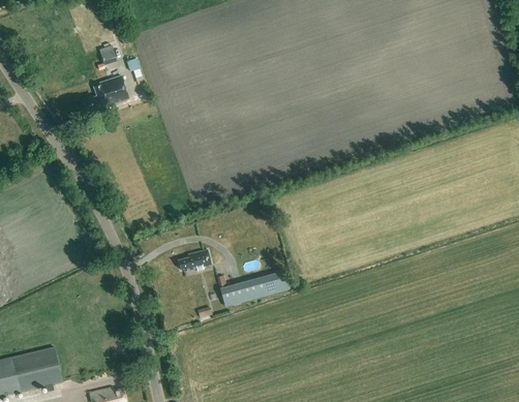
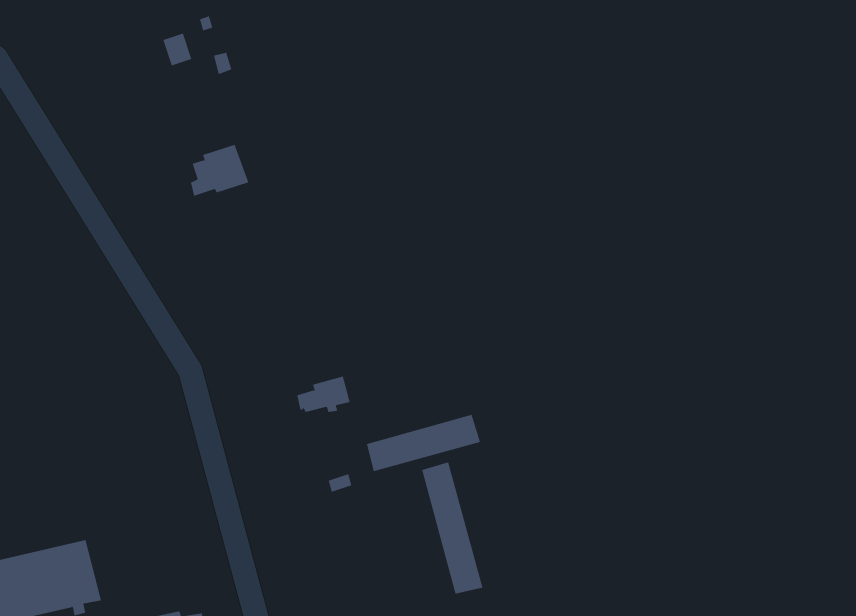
building: [92,75,127,106] -> [190,144,249,196]
building: none -> [422,461,483,594]

